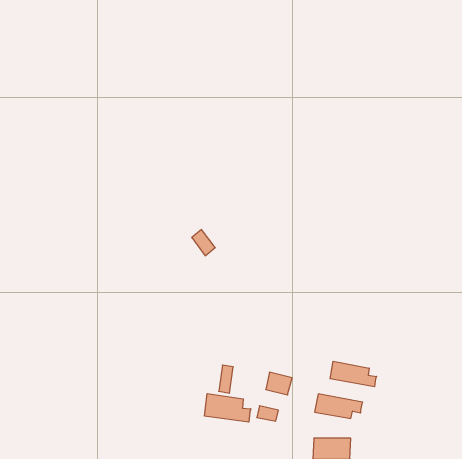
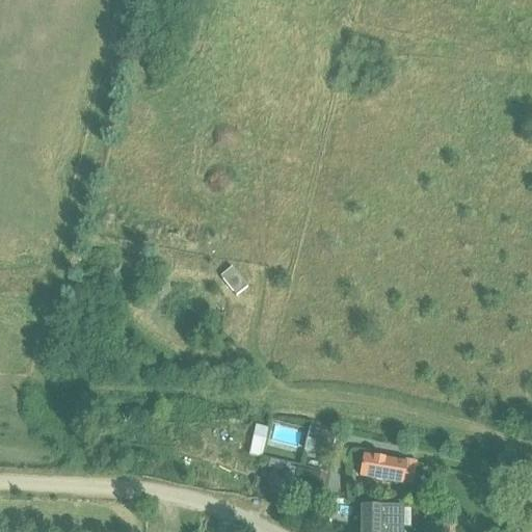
building: [330,361,377,387] -> none
building: [205,394,251,422] -> none

